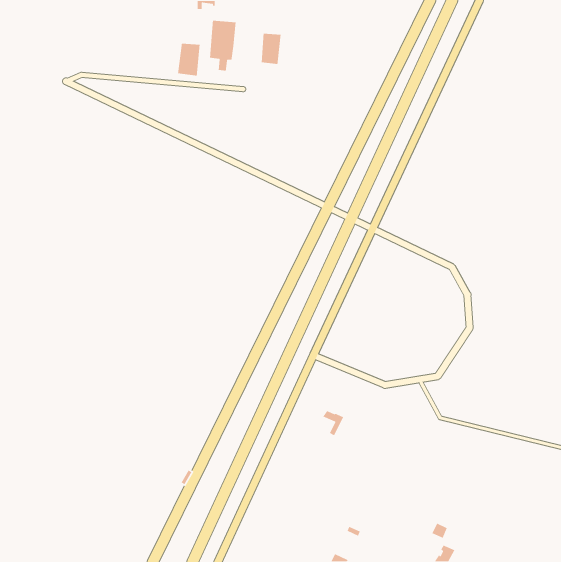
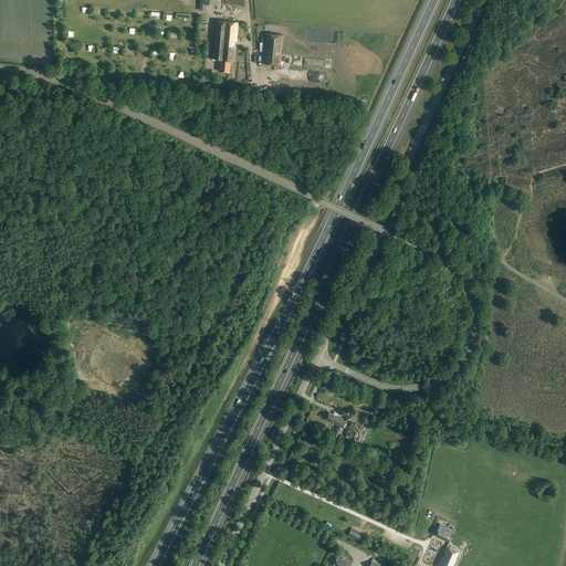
building: [177,43,200,77] -> none

